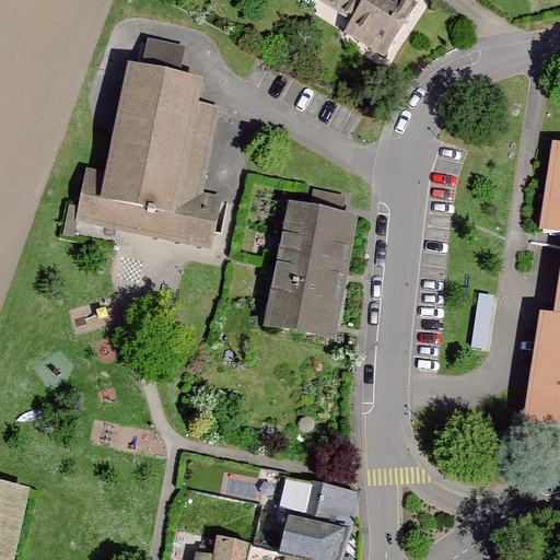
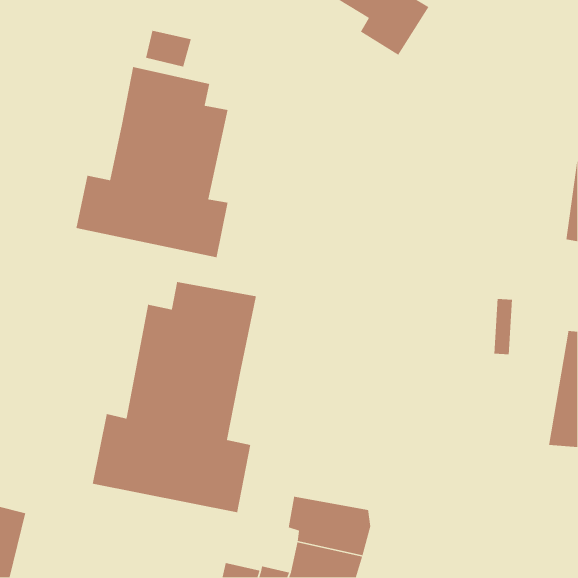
building: [262,202,359,340] -> none
building: none -> [92,281,257,513]

